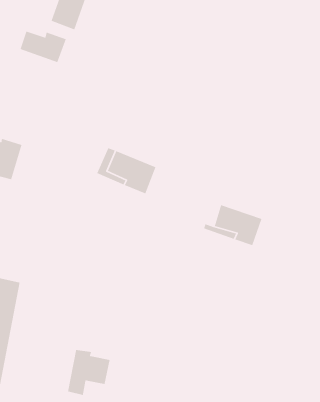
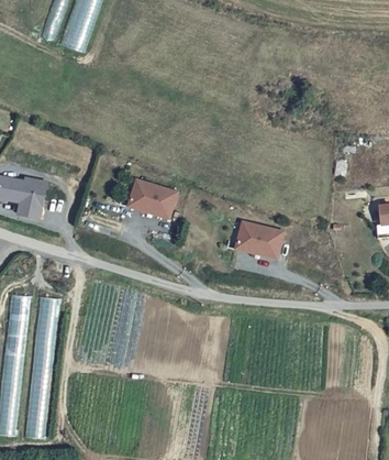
building: [20,31,67,63] -> none
building: [67,349,111,396] -> none

